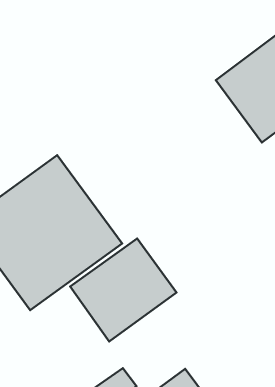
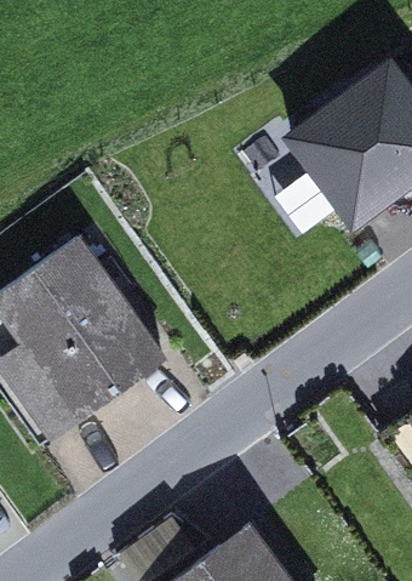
building: [70,238,177,341] -> none

